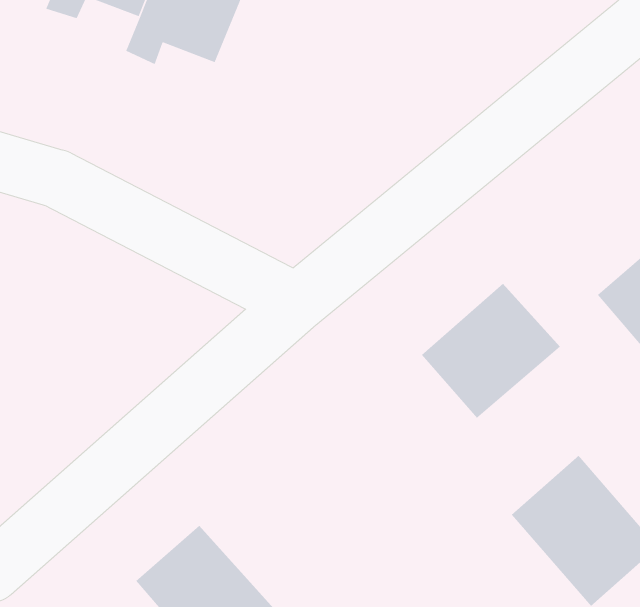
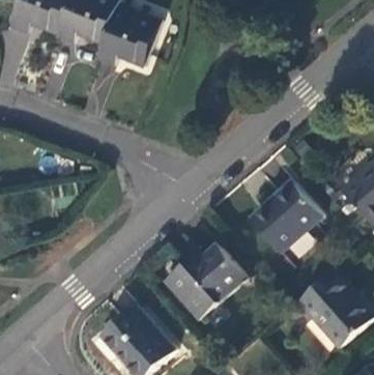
building: none -> [166,241,248,318]

